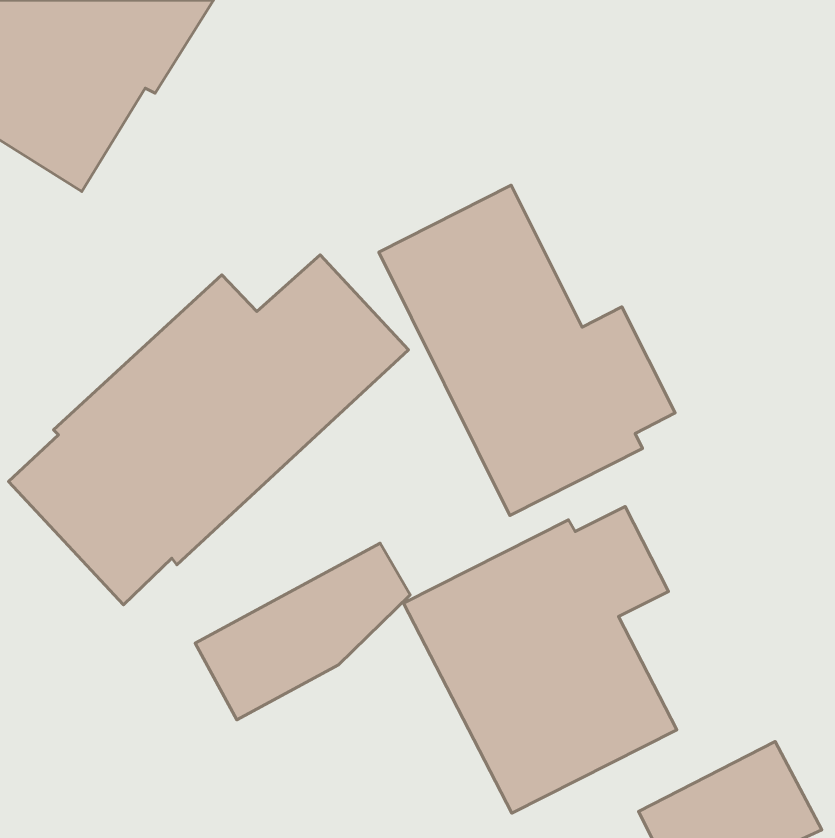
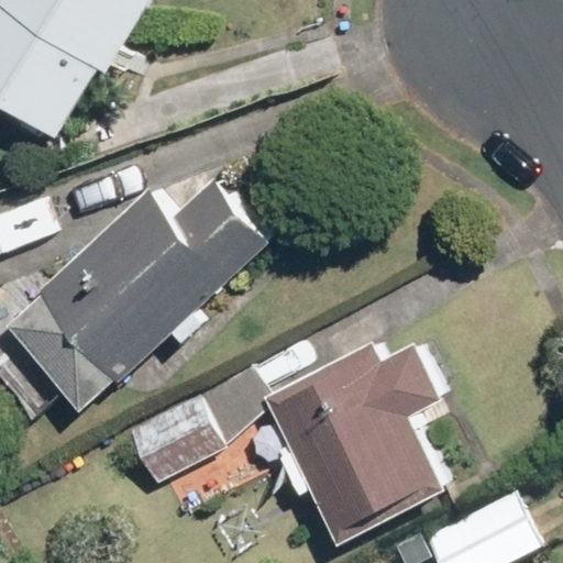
building: [379,185,675,515] -> none

